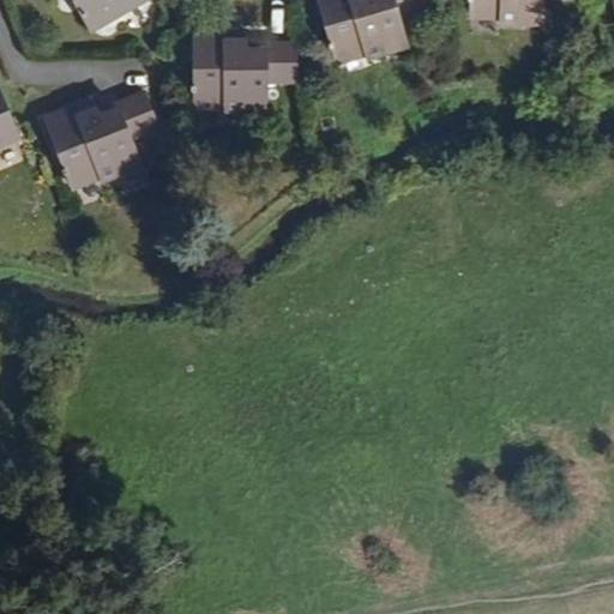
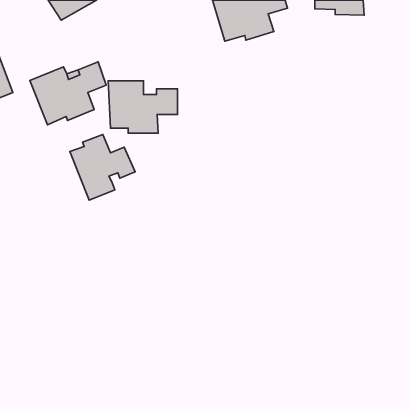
building: [193,32,296,110] -> [108,81,177,133]
building: none -> [70,135,135,200]

